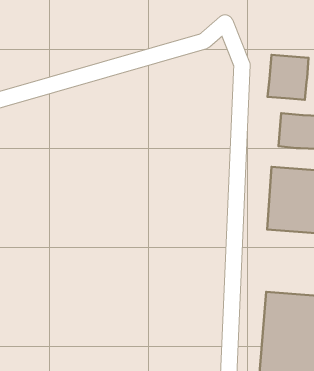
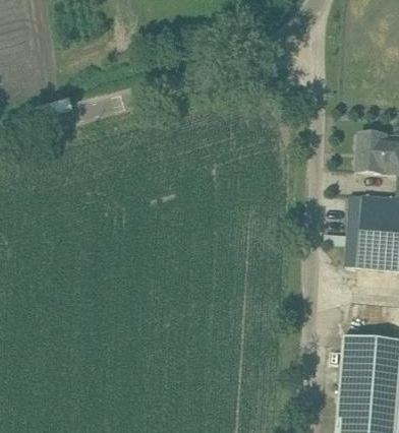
building: [268,55,309,100] -> none

